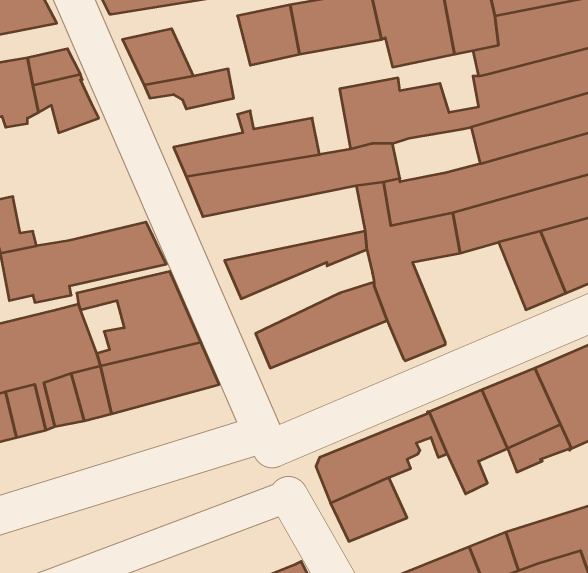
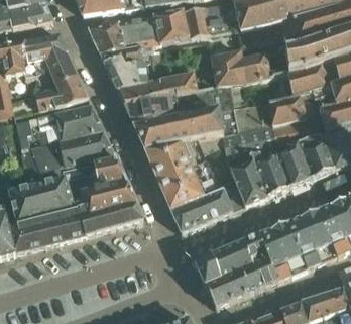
building: none -> [116,15,159,48]
building: none -> [104,59,155,88]
building: none -> [33,72,87,107]
building: none -> [36,102,102,139]
building: none -> [133,109,223,150]
building: none -> [249,140,312,196]
building: none -> [154,151,209,191]
building: none -> [170,184,244,232]
building: none -> [236,257,278,293]

